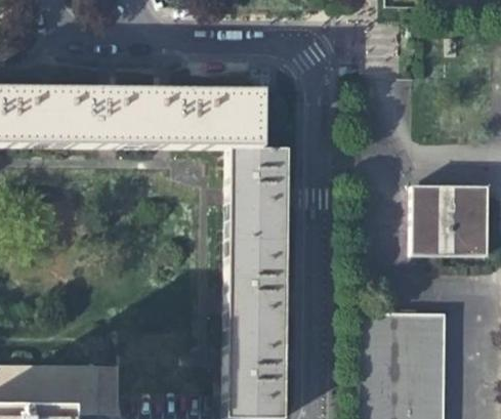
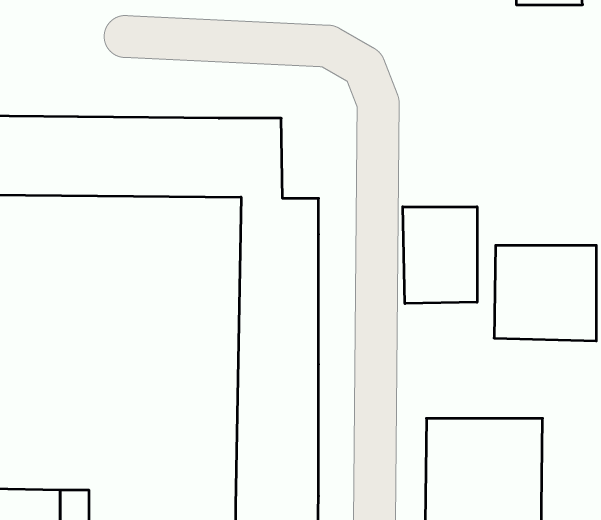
building: none -> [403,207,477,304]

